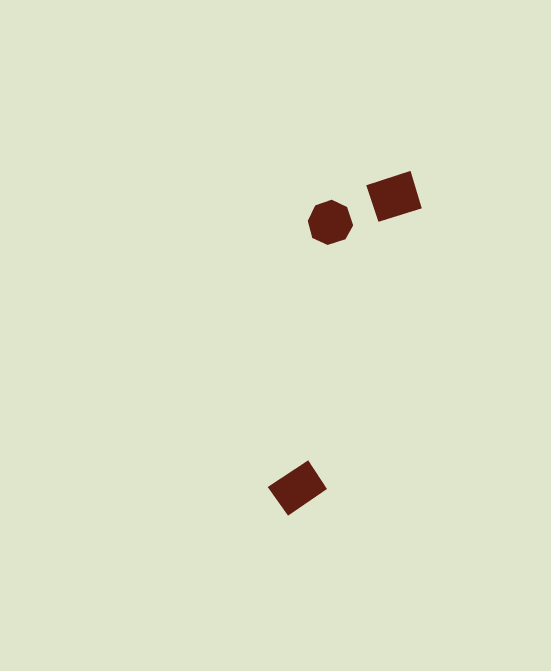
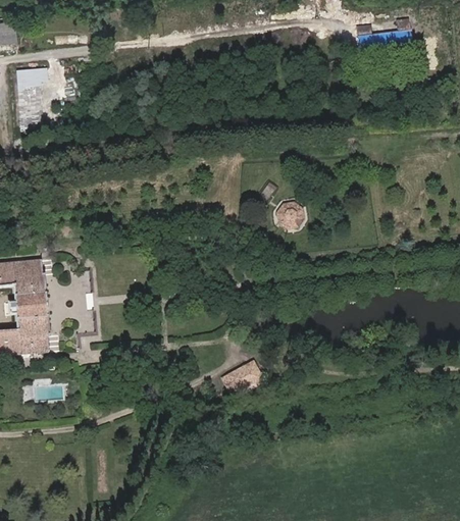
building: [365,170,423,223] -> none

